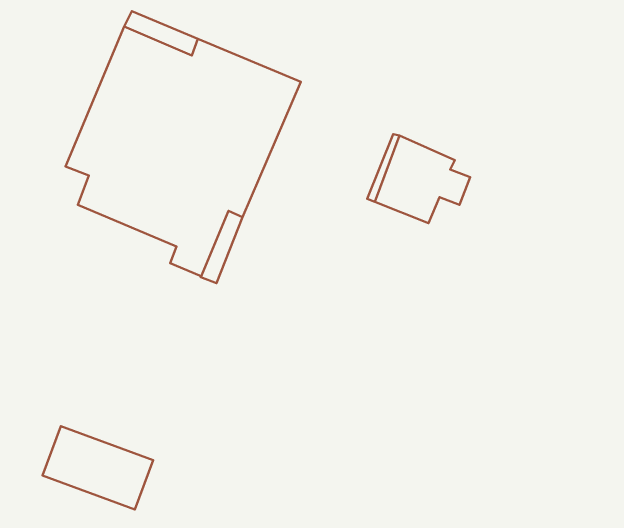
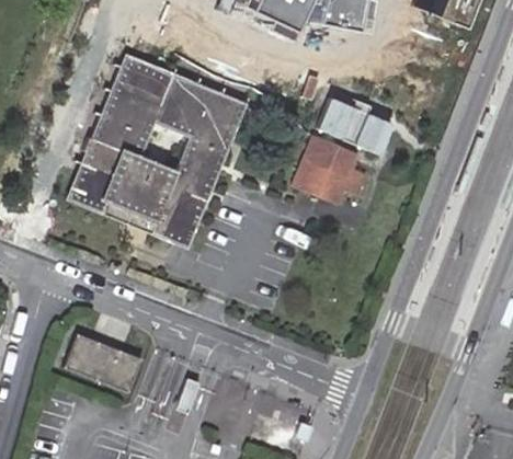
building: none -> [319,97,401,153]
building: none -> [68,159,160,228]

